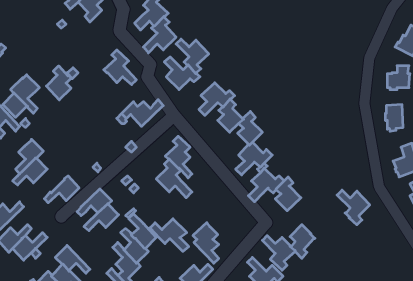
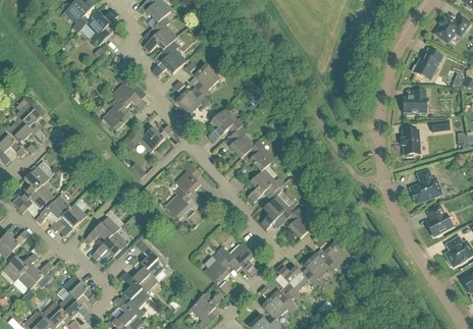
building: [46,66,71,100] -> [102,97,127,131]
building: none -> [35,195,70,223]
building: [337,190,370,225] -> [315,238,349,274]
building: [150,219,189,251] -> [217,241,257,275]

